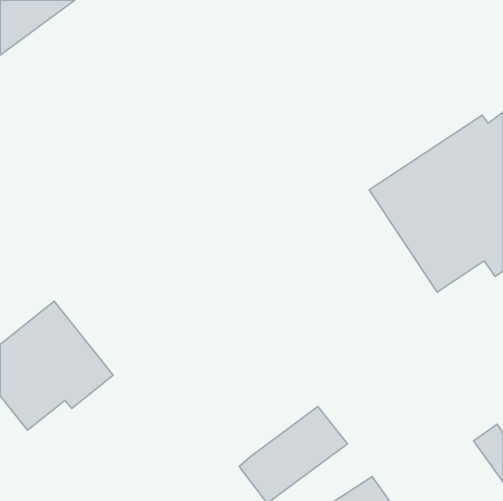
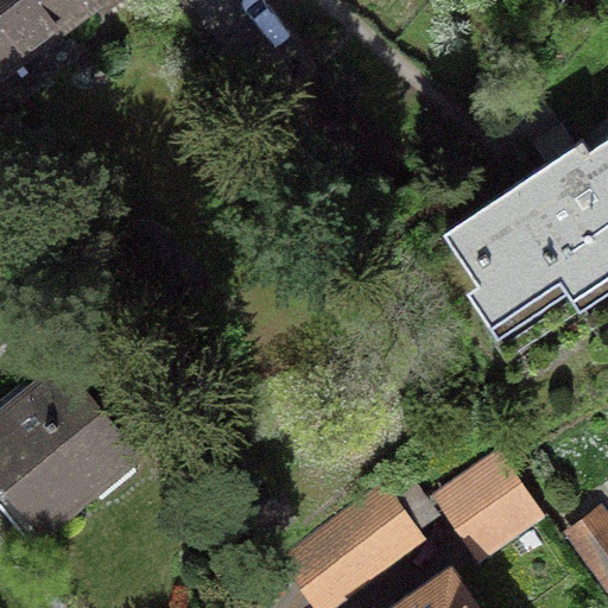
building: none -> [441,456,539,555]

